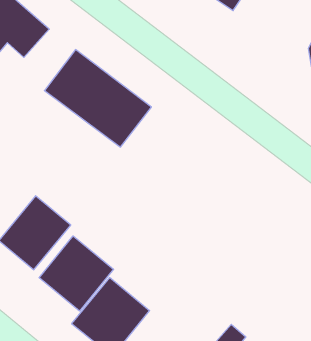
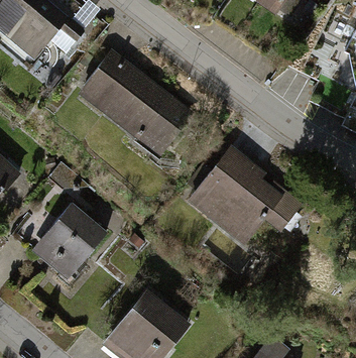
building: none -> [198,150,295,245]
building: [39,236,114,311] -> none

